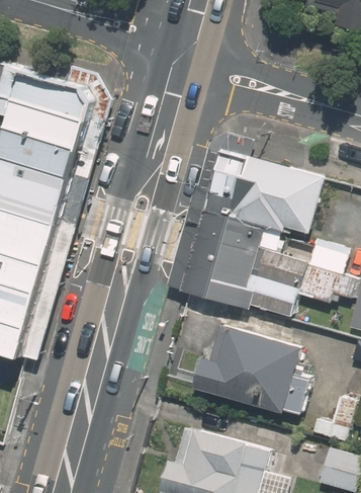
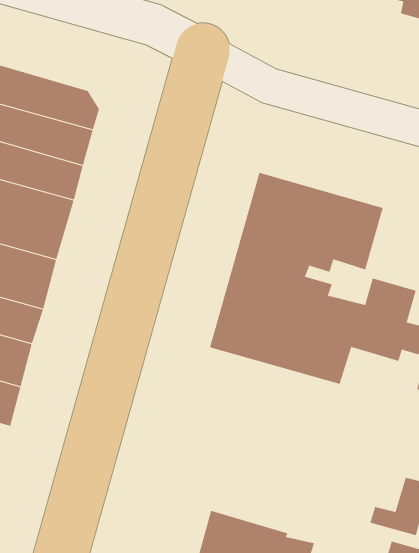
building: [192,323,309,414] -> none

